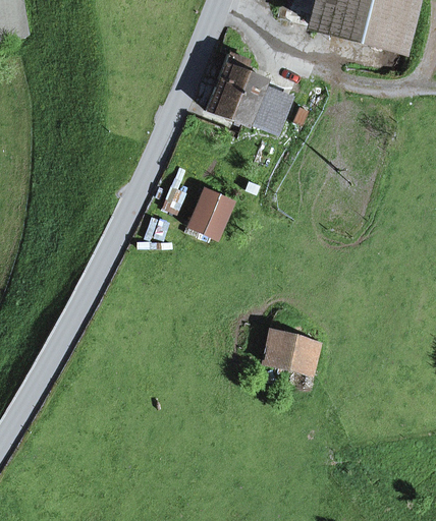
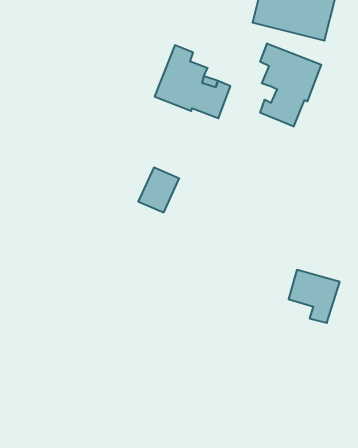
building: none -> [260,43,321,127]
building: [263,329,320,388] -> [289,270,340,323]

